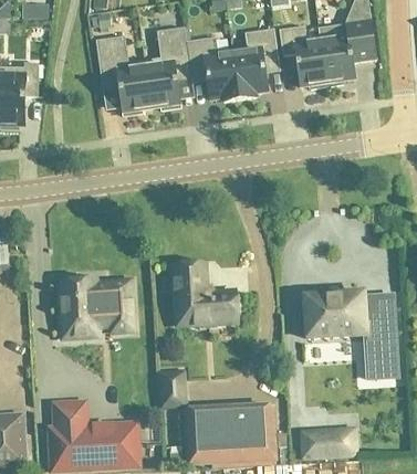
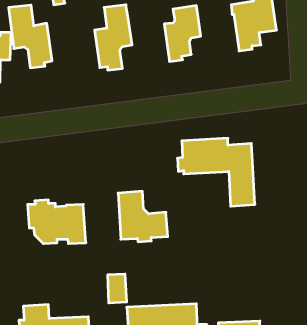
building: [278,25,327,88] -> none
building: [95,35,150,115] -> [9,5,52,68]
building: [186,36,239,101] -> none
building: [299,292,397,378] -> [177,138,255,206]

